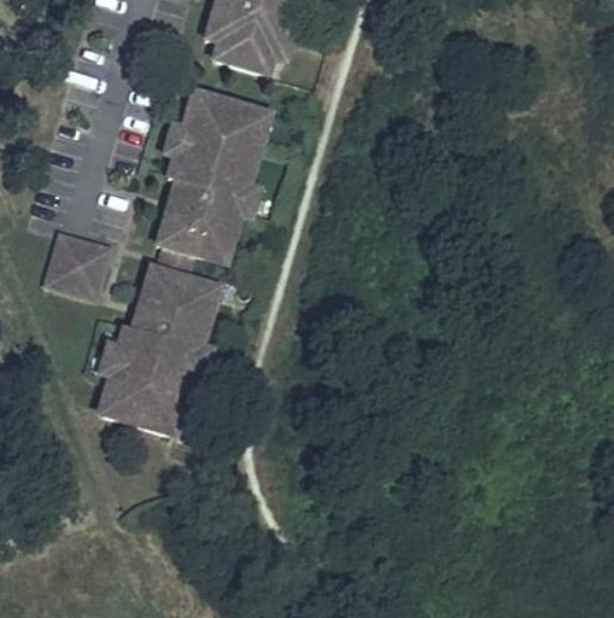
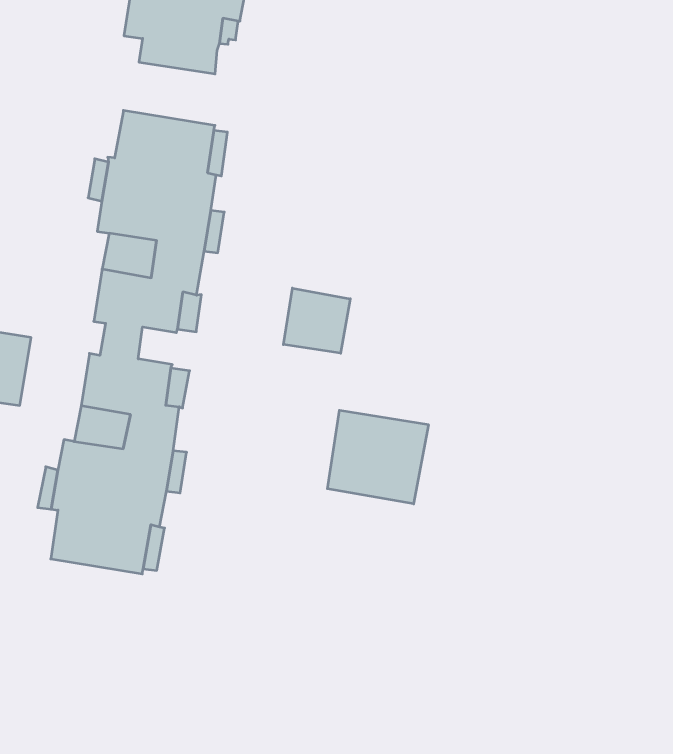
building: none -> [283,288,350,353]
building: none -> [327,410,428,504]

